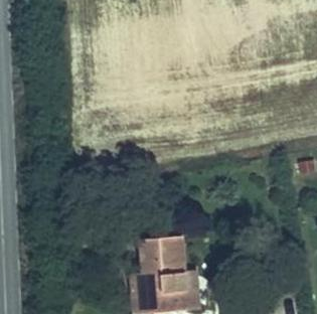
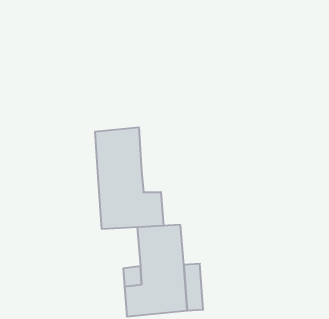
building: none -> [95,127,163,229]

